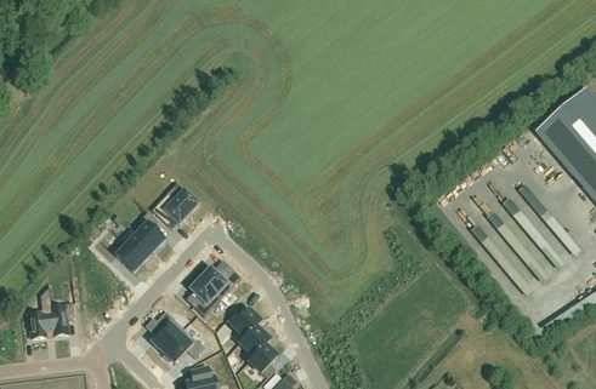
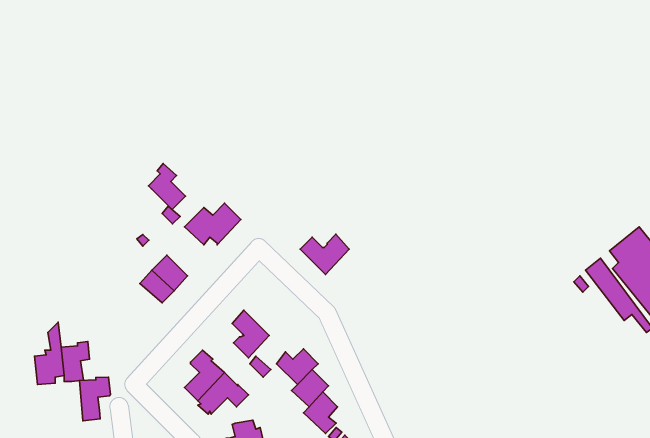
building: [135,212,165,250] -> [148,164,186,210]
building: [200,265,240,298] -> [300,234,349,274]
building: none -> [79,377,110,421]

